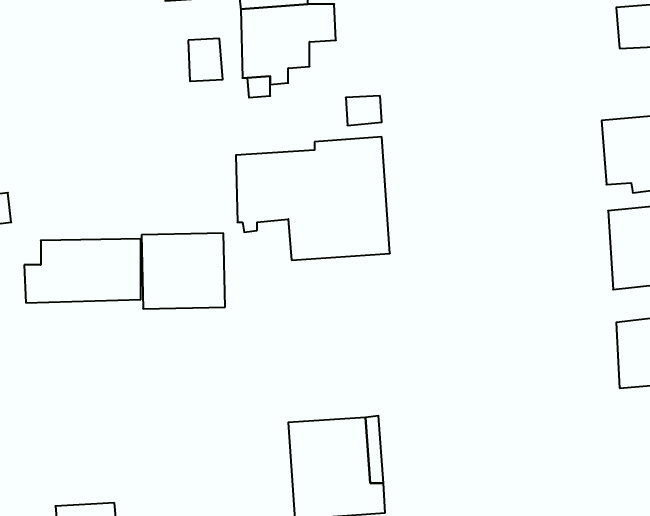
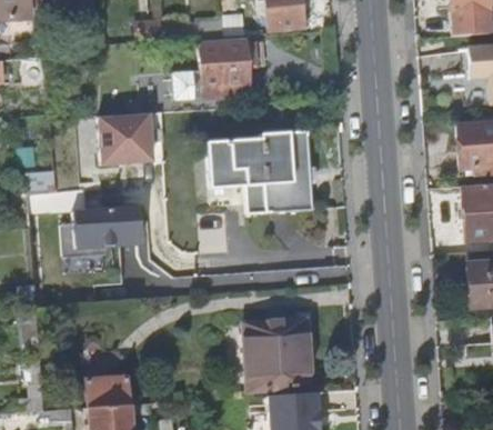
building: [142,233,225,309] -> [101,109,158,160]

